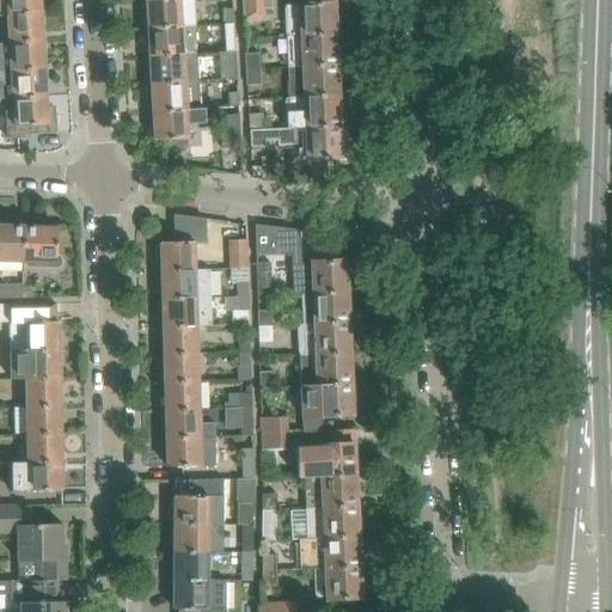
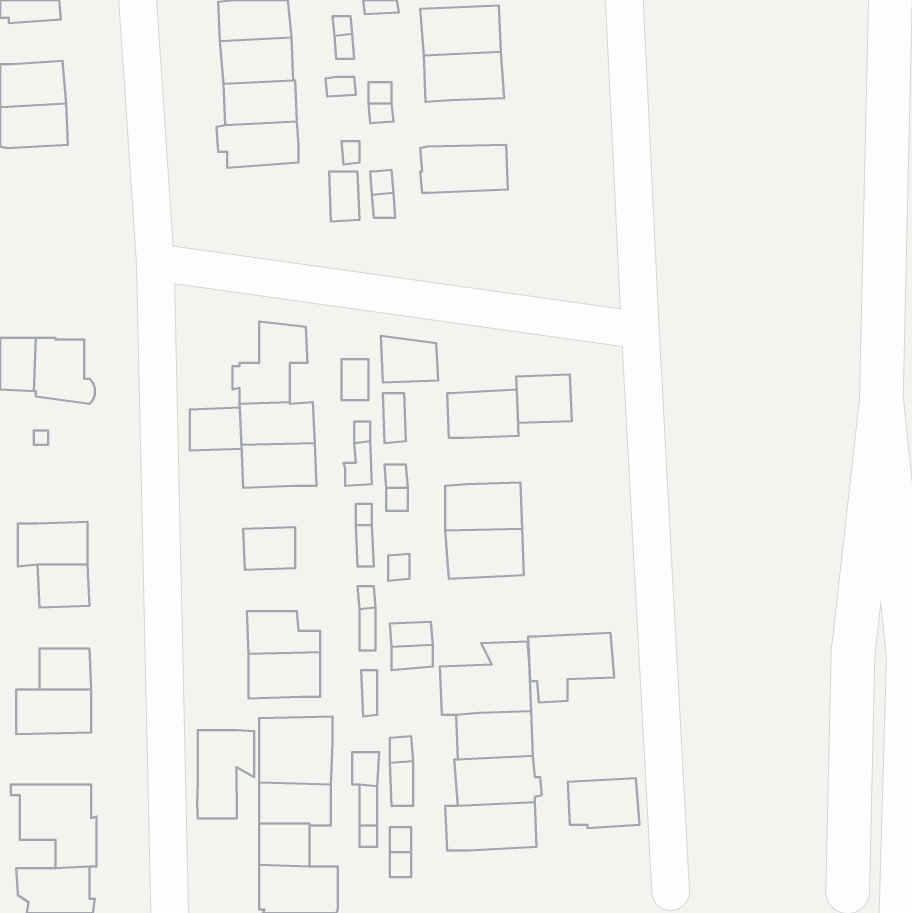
building: [7,13,43,43] -> none
building: [286,66,339,98] -> none
building: [6,97,56,139] -> none
building: [151,109,206,153] -> none
building: [288,127,342,178] -> none
building: [312,292,349,324] -> [516,375,572,423]
building: [11,304,60,350] -> none
building: [164,325,198,354] -> [190,408,242,451]
building: [165,380,200,409] -> none
building: [296,385,354,432] -> [528,633,614,703]
building: [27,405,61,434] -> none
building: none -> [197,730,254,819]
building: [314,567,362,600] -> [568,778,639,828]

